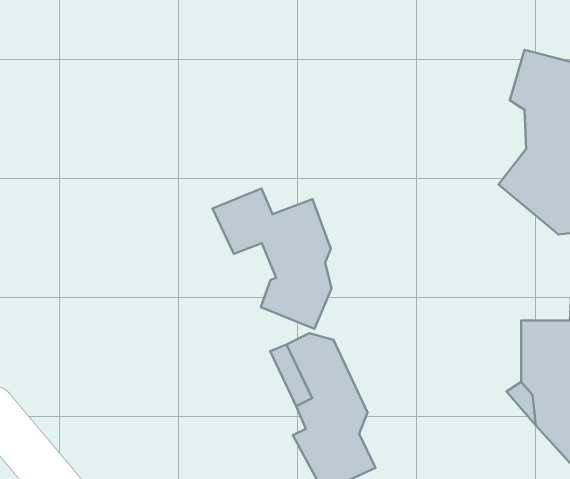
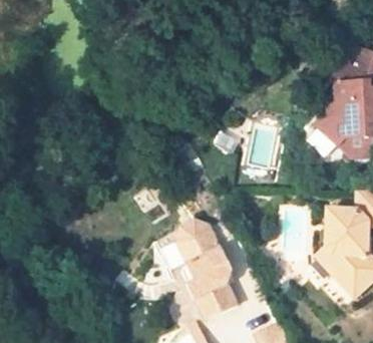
building: [213,189,332,329] -> none

